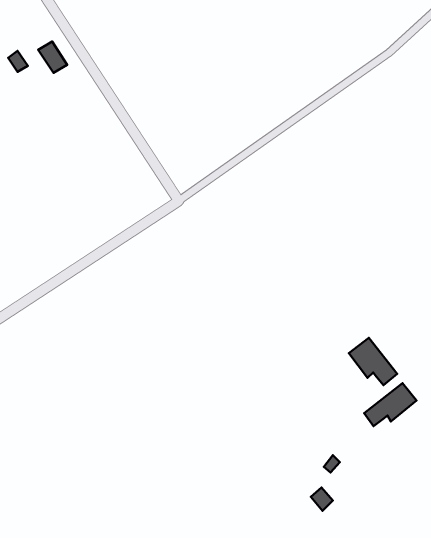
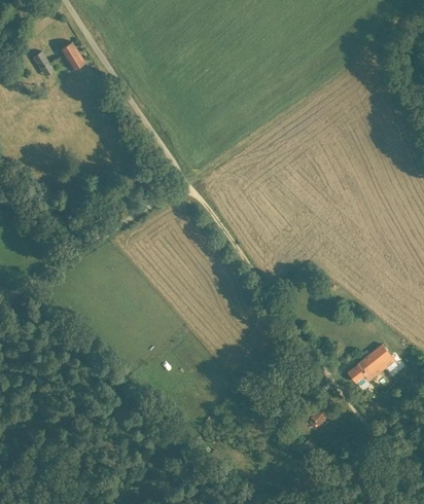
building: [349,338,397,385] -> none

